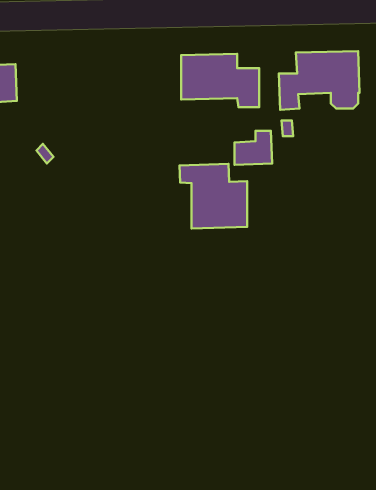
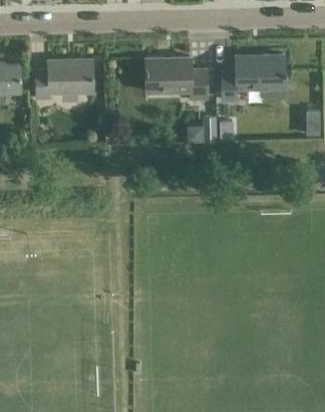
building: none -> [36,59,92,99]
building: [180,164,247,229] -> none

